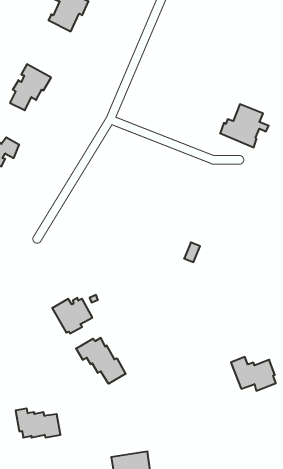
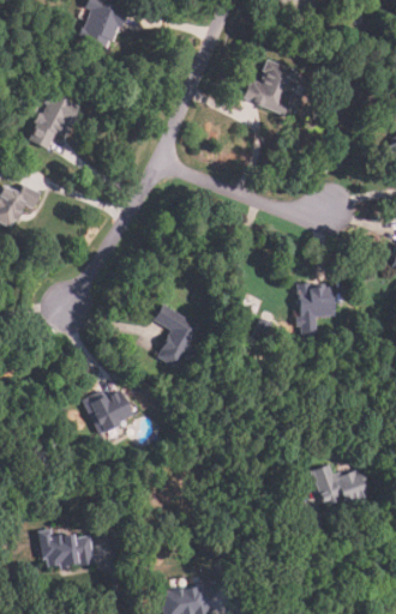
building: [220,104,269,147] -> [244,60,306,115]
building: none -> [296,282,336,337]
building: none -> [151,303,202,369]
building: [76,338,126,384] -> none

